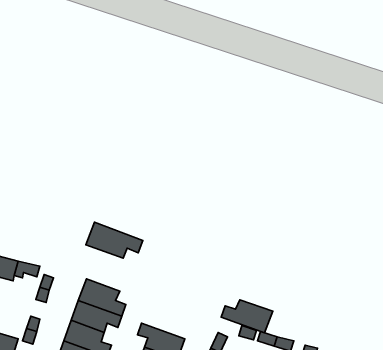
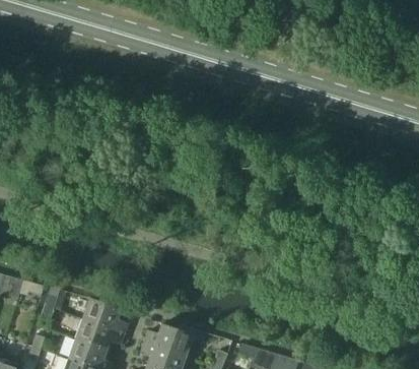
building: [86,222,143,258] -> none
building: [221,300,273,333] -> [143,323,194,356]

